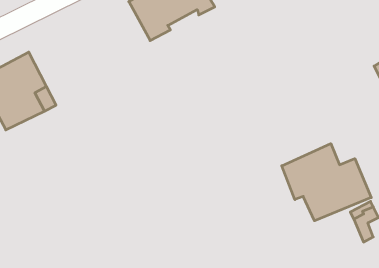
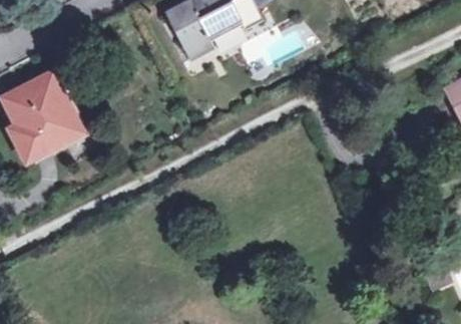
building: [282,144,371,221] -> none

